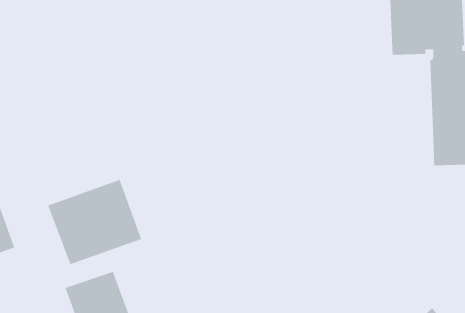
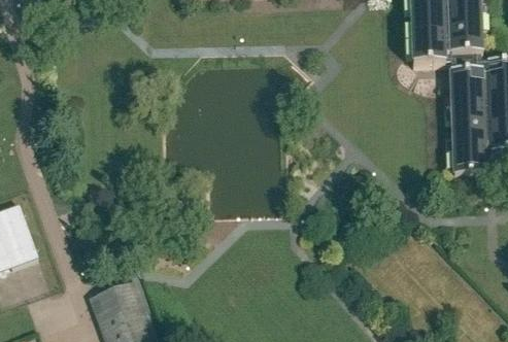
building: [47,179,142,265] -> none

